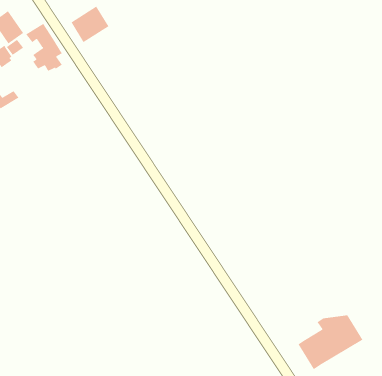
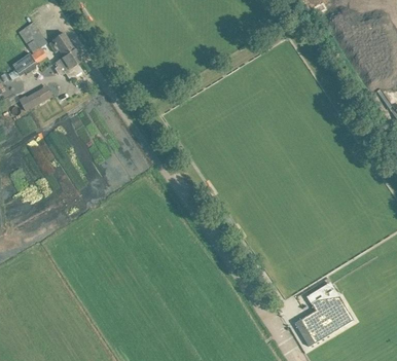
building: [70,6,110,43] -> none

